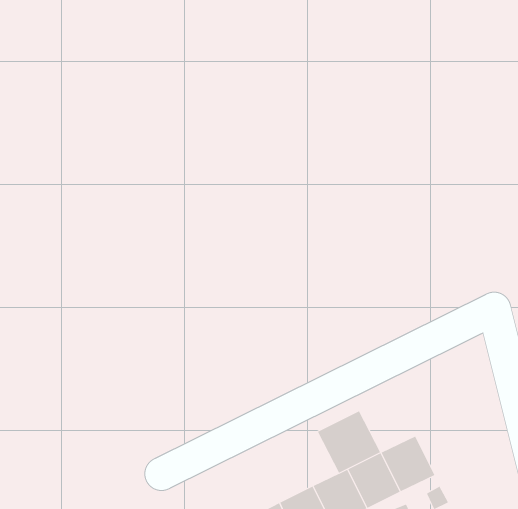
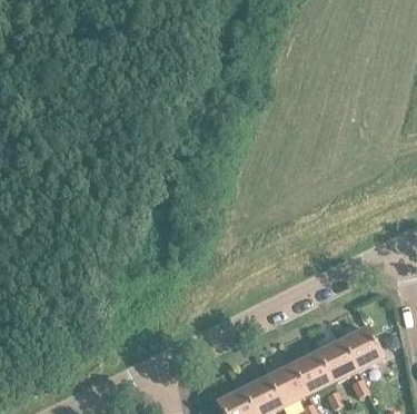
building: [317,411,381,473] -> none
building: none -> [340,328,379,369]

